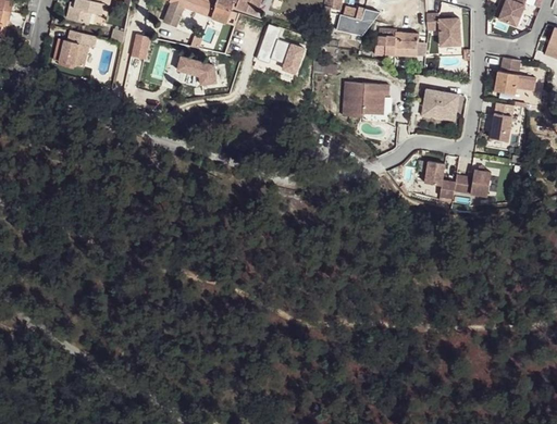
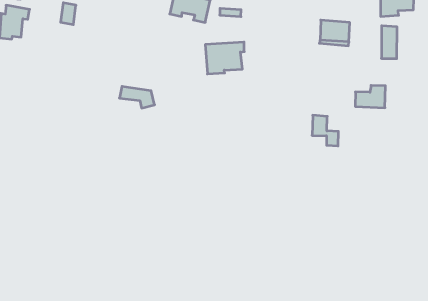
building: [176,58,215,85] -> [119,86,155,108]
building: [344,82,389,116] -> [205,42,244,74]
building: [425,160,456,198] -> [312,115,338,146]

